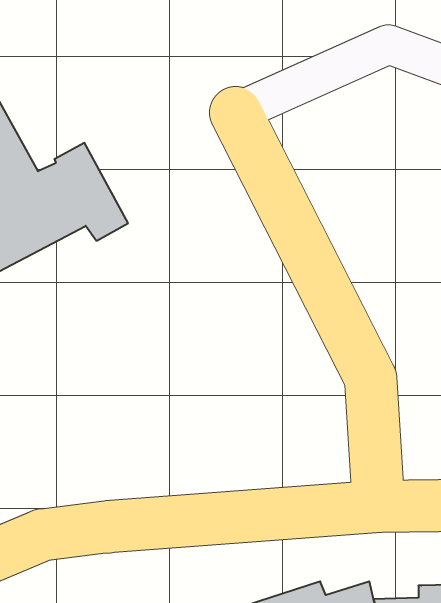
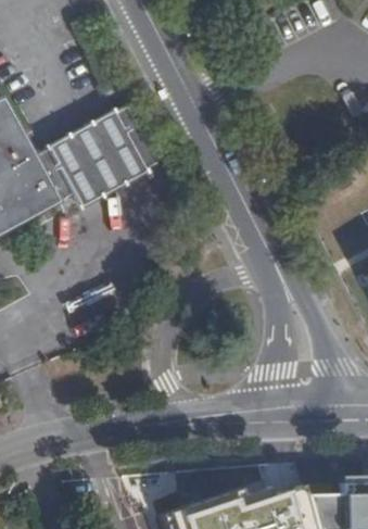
building: none -> [72,104,158,196]

